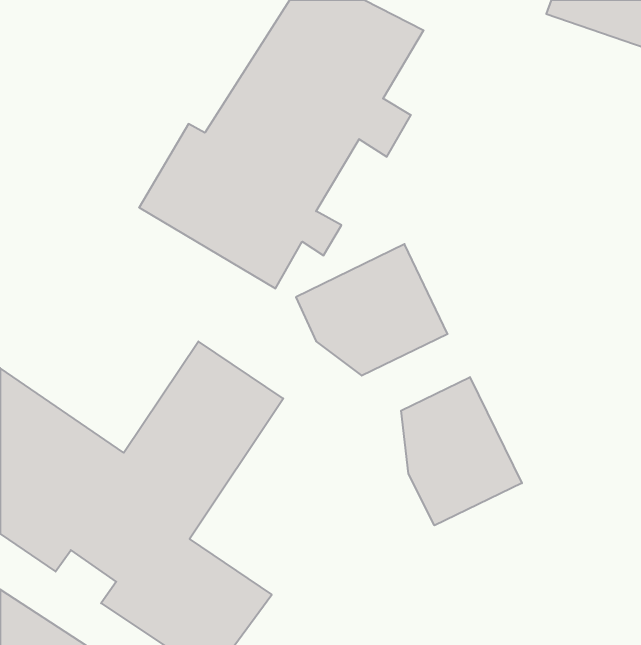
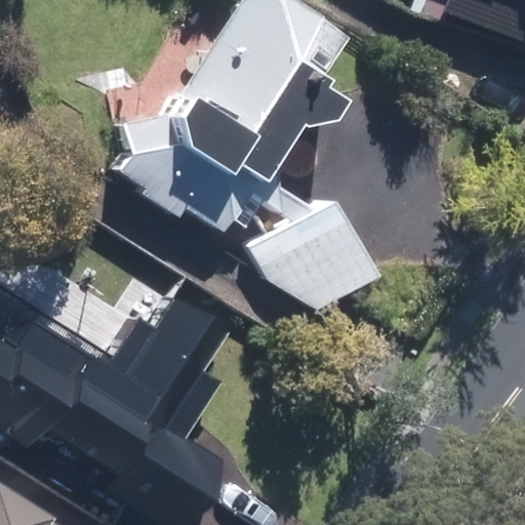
building: [401,377,522,525] -> none

